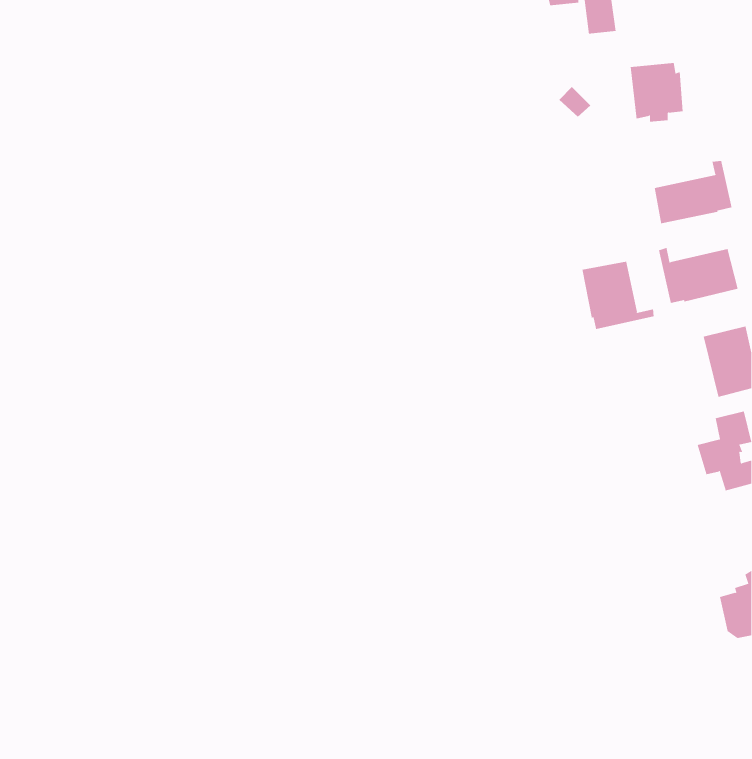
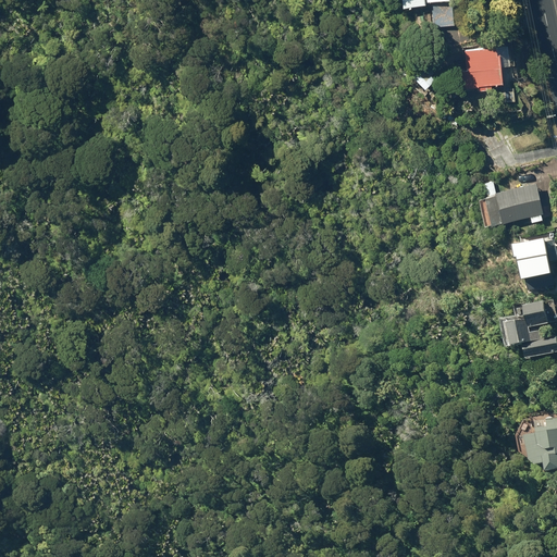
building: [654,160,732,224] -> none
building: [582,261,654,330] -> none

